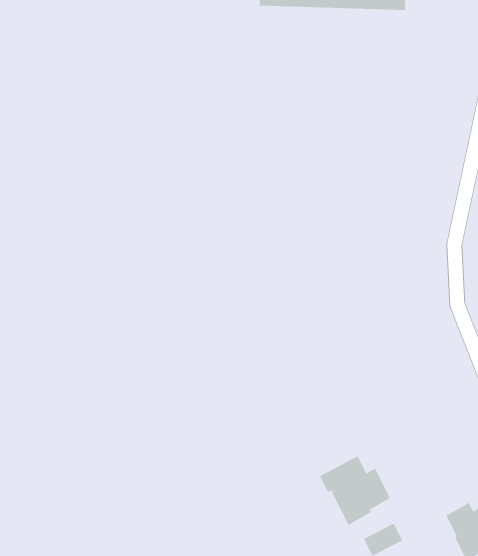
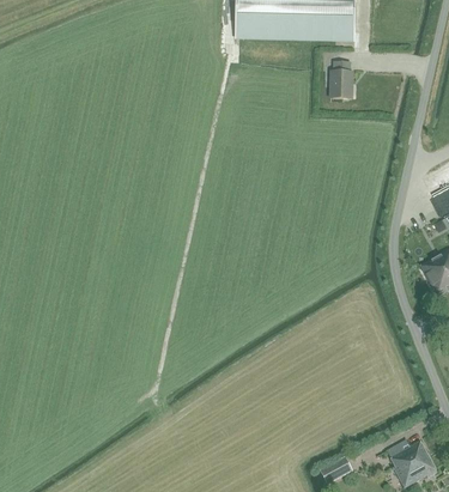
building: none -> [329,61,351,99]
building: [319,455,391,526] -> none

